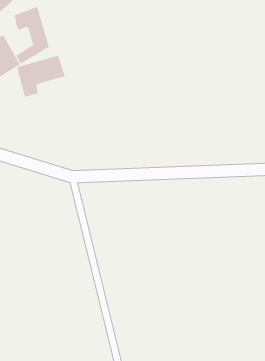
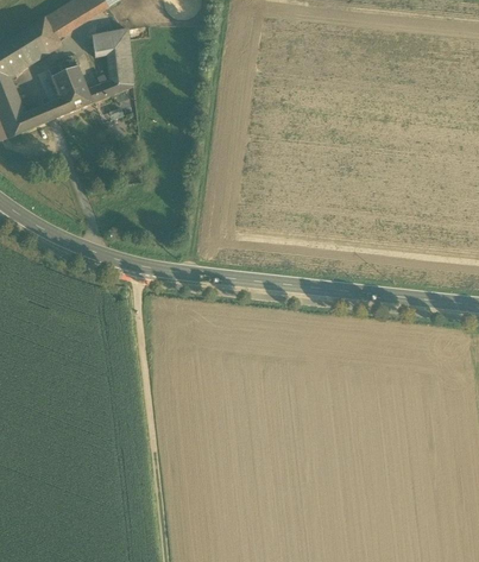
building: [17,55,65,97] -> none

